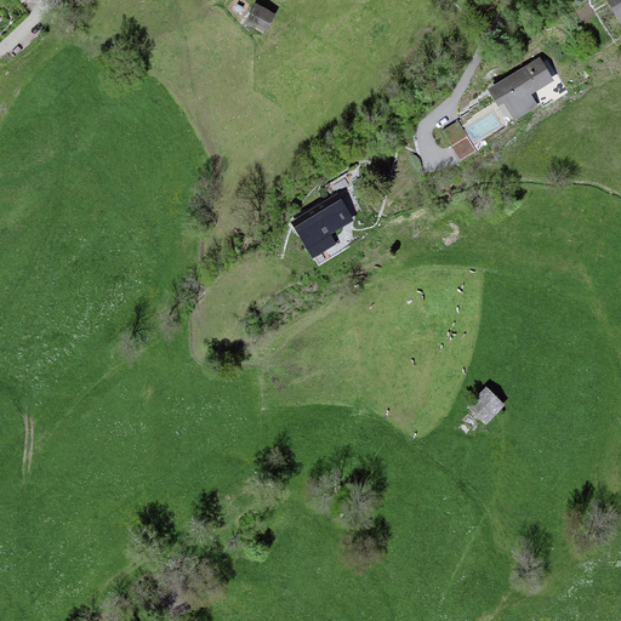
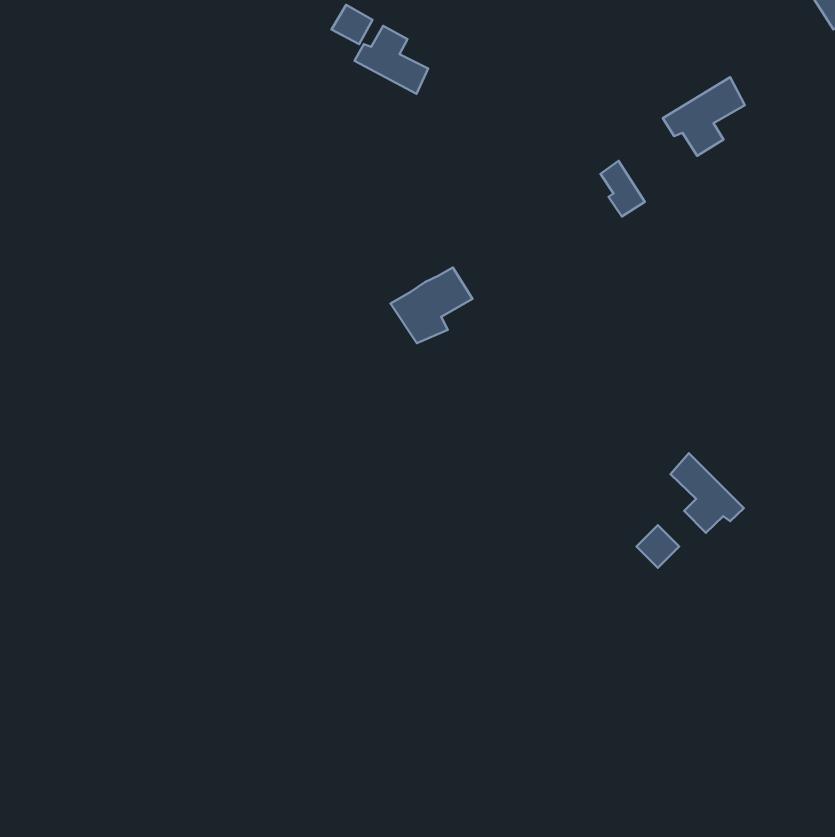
building: none -> [355,26,428,94]
building: none -> [671,453,744,533]

